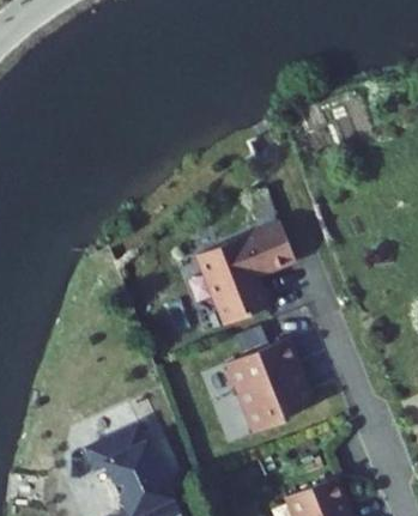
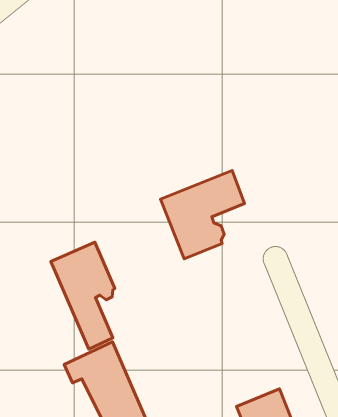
building: none -> [51,242,115,349]
building: [224,341,311,435] -> none

